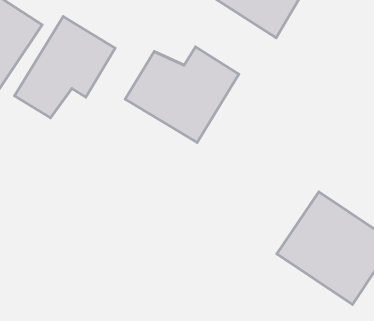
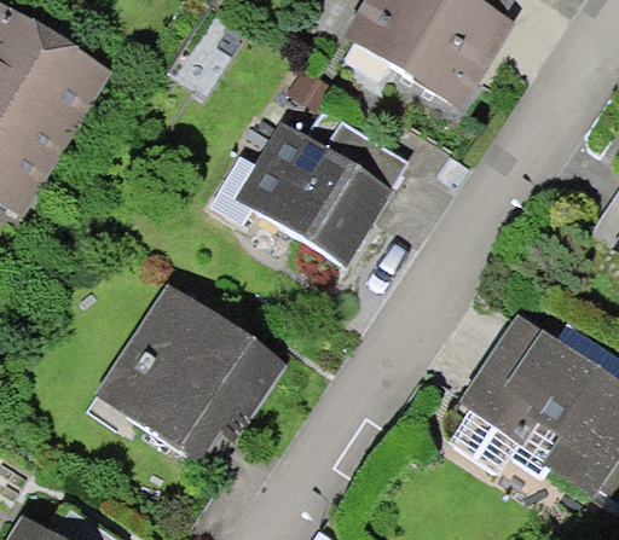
building: [15,17,115,118] -> none
building: none -> [94,285,283,472]

